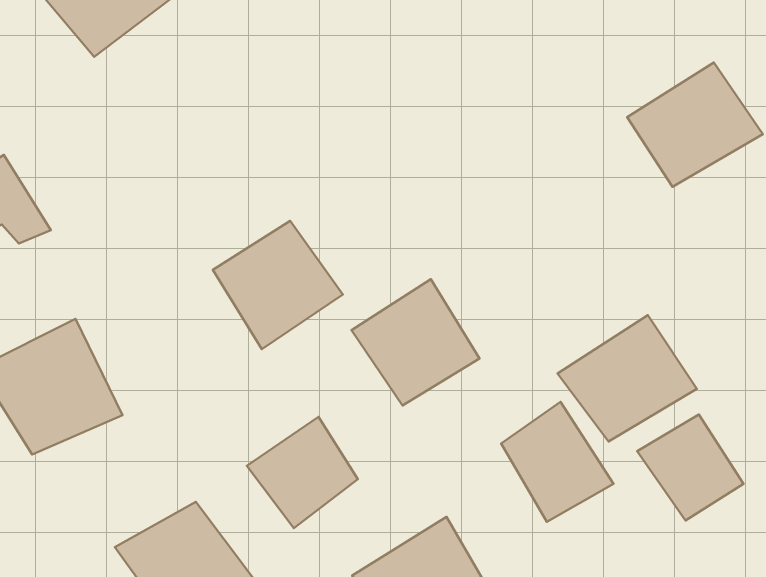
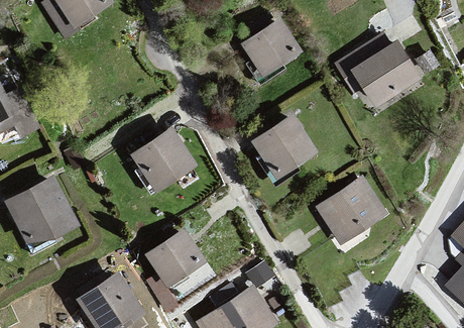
building: none -> [240,20,300,78]
building: [352,279,480,406] -> [248,111,317,179]
building: [501,402,614,522] -> none
building: [637,414,744,521] -> none

